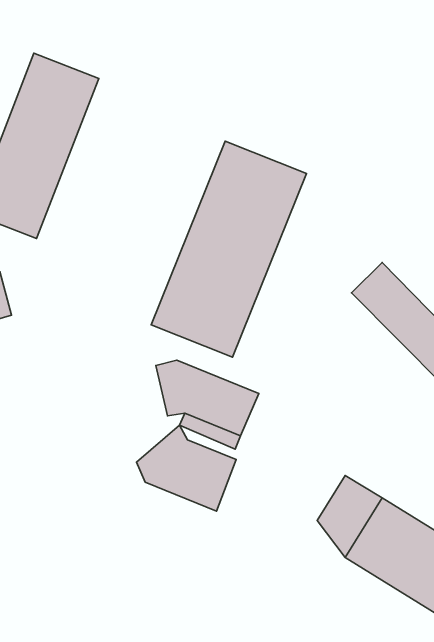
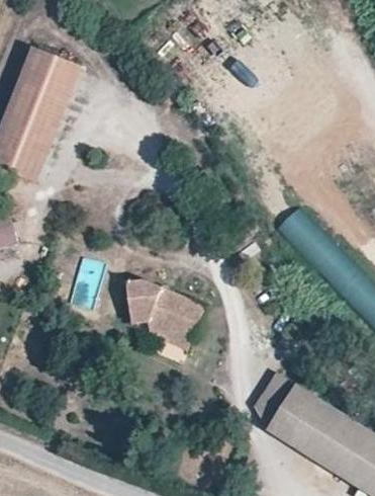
building: [151,141,307,357] -> none
building: [137,425,236,511] -> none

